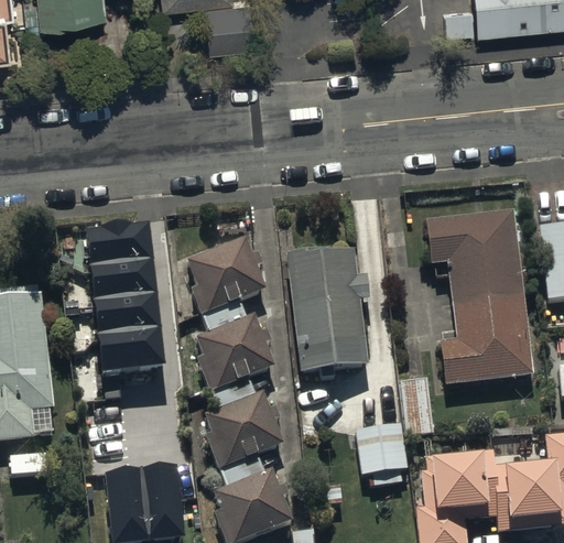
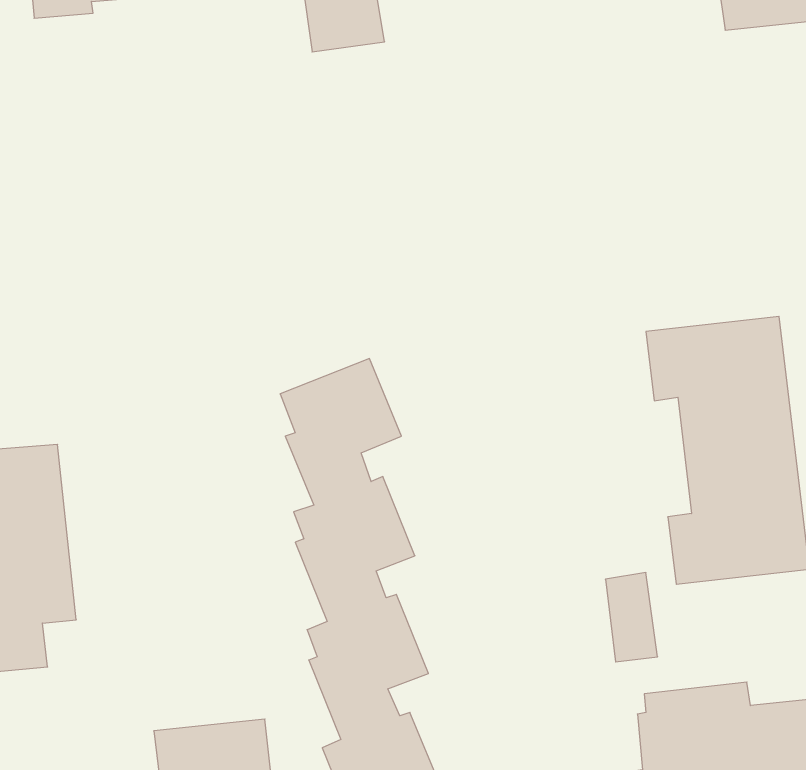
building: [87,228,166,378] -> none
building: [286,245,368,373] -> none
building: [356,424,408,475] -> none

